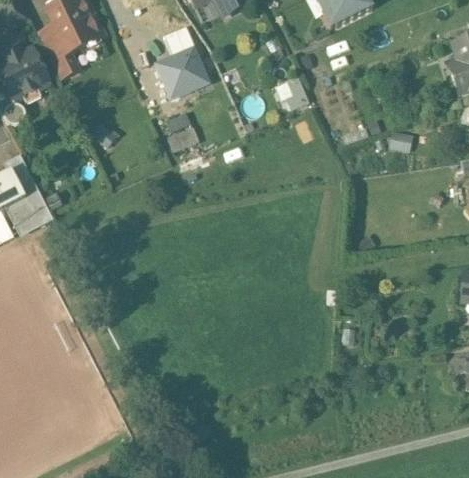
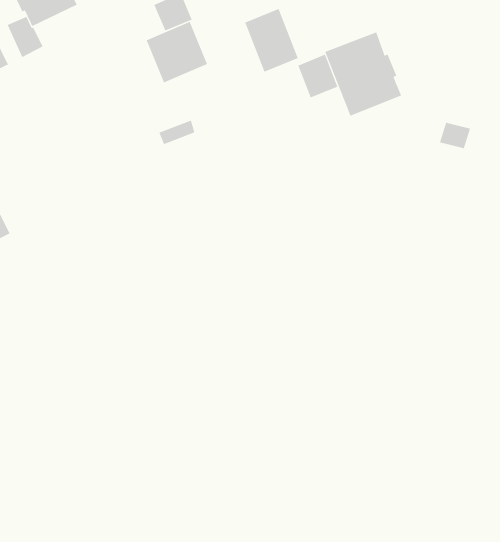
building: none -> [245,8,298,73]
building: none -> [324,32,402,117]

